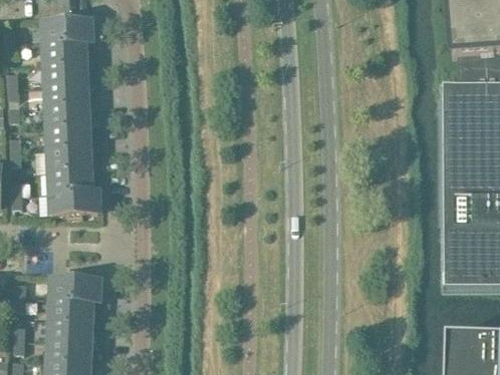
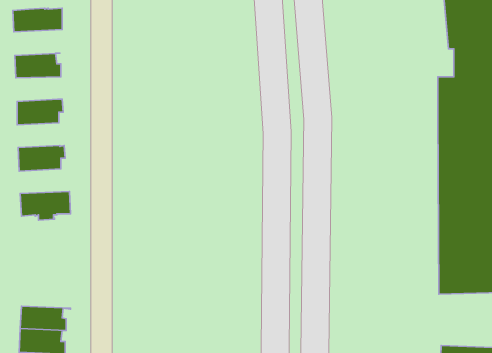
building: [44,39,90,63] -> none
building: [46,83,89,106] -> none
building: [47,126,91,149] -> none
building: [49,169,96,193] -> none
building: [51,277,97,300] -> none

